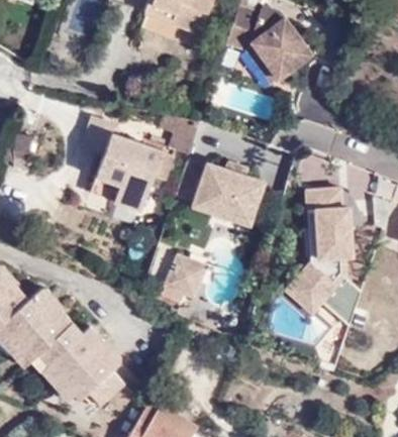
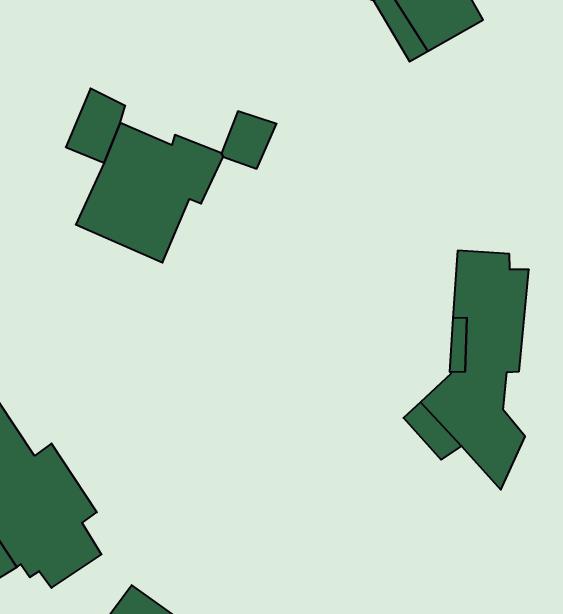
building: [176,161,266,226] -> none
building: [163,257,207,304] -> none

